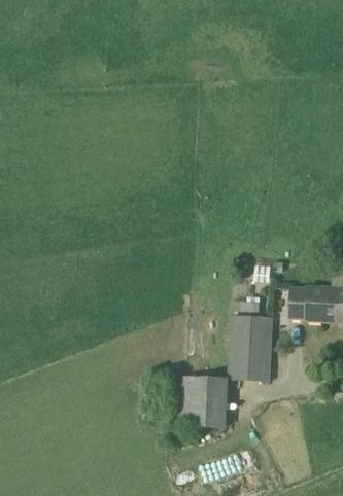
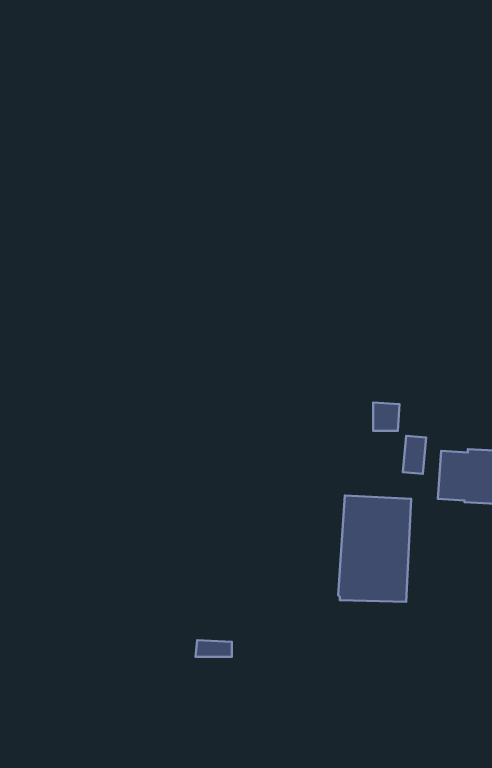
building: [181,376,228,427] -> none

